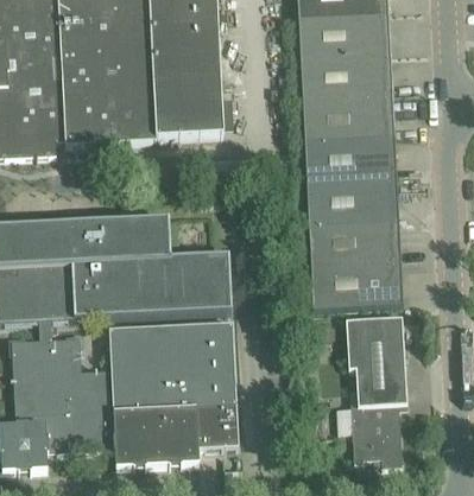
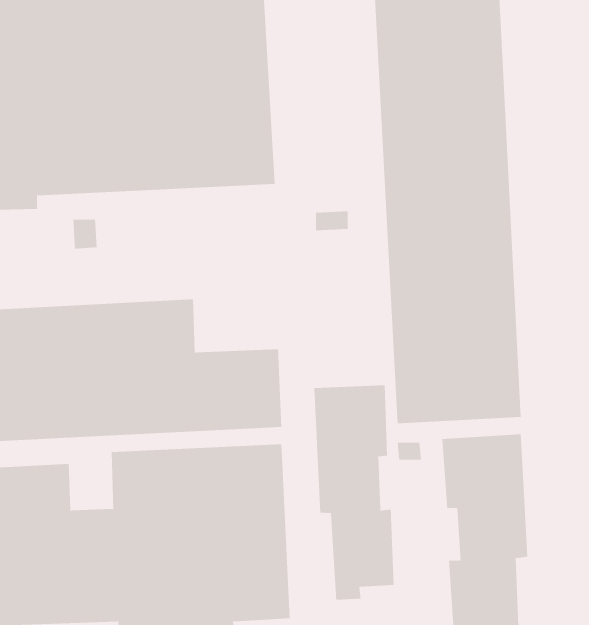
building: none -> [314,385,394,600]

